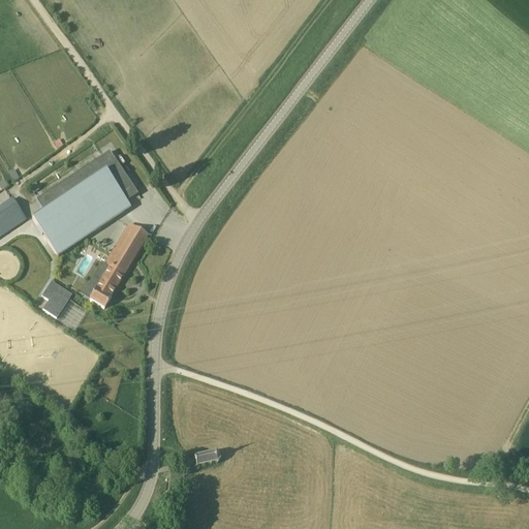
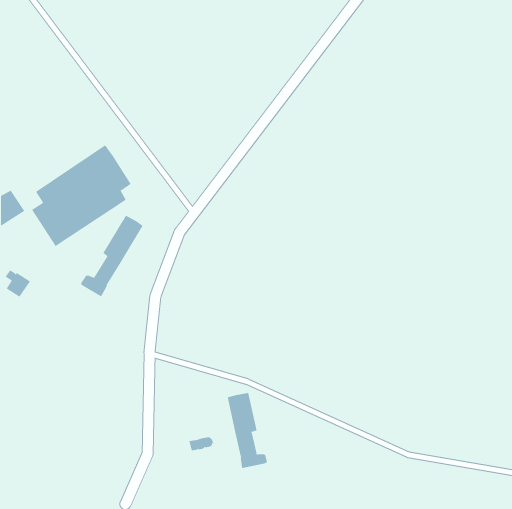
building: [42,286,69,315] -> [5,270,31,298]
building: none -> [227,392,267,469]

